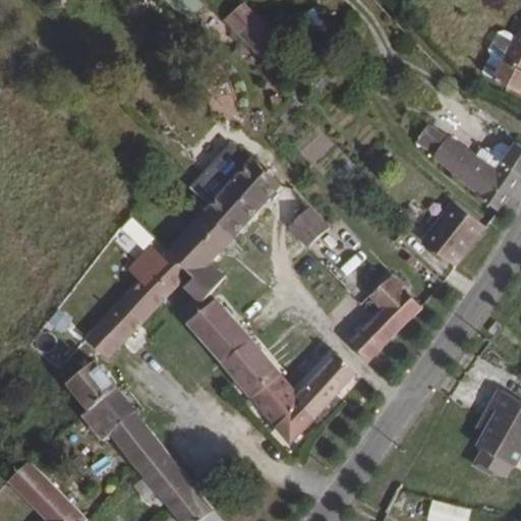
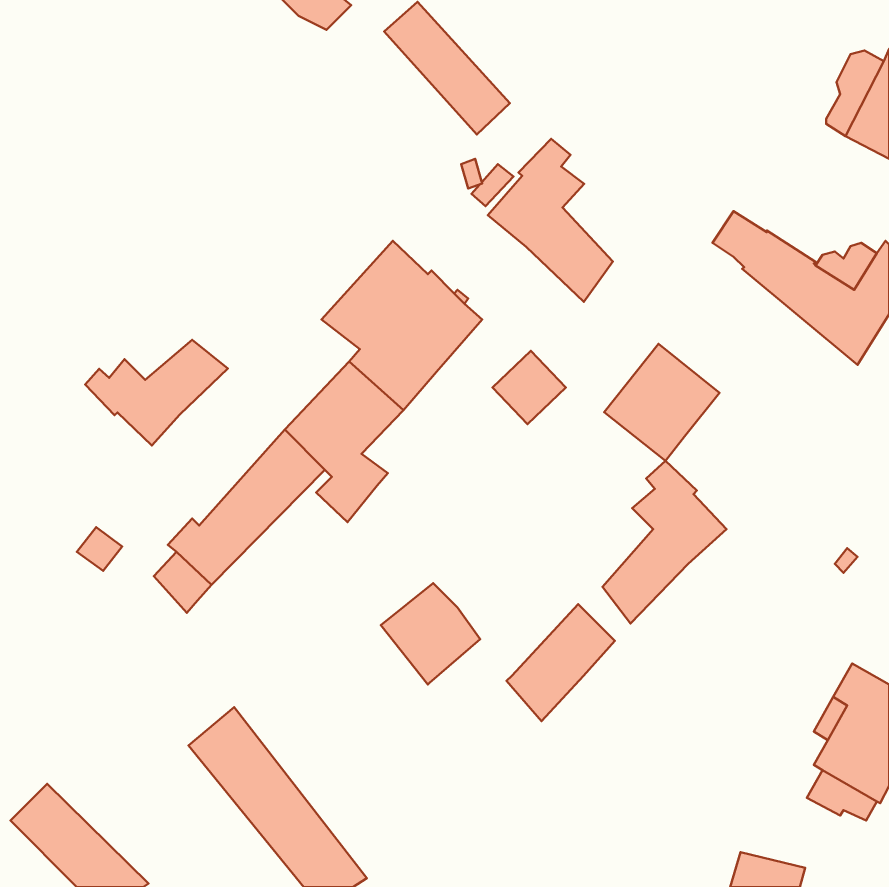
building: none -> [488,139,613,302]
building: none -> [85,340,228,445]
building: [420,199,487,268] -> [604,344,720,461]
building: [185,297,252,364] -> none
building: [64,360,136,442] -> none
building: [250,372,315,447] -> none

